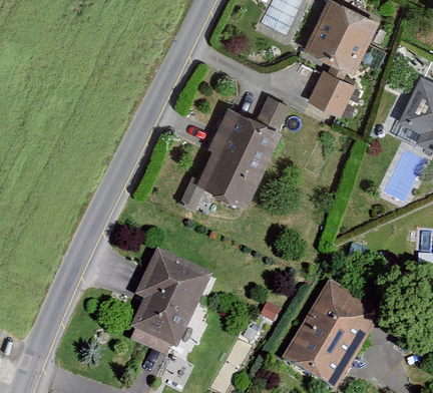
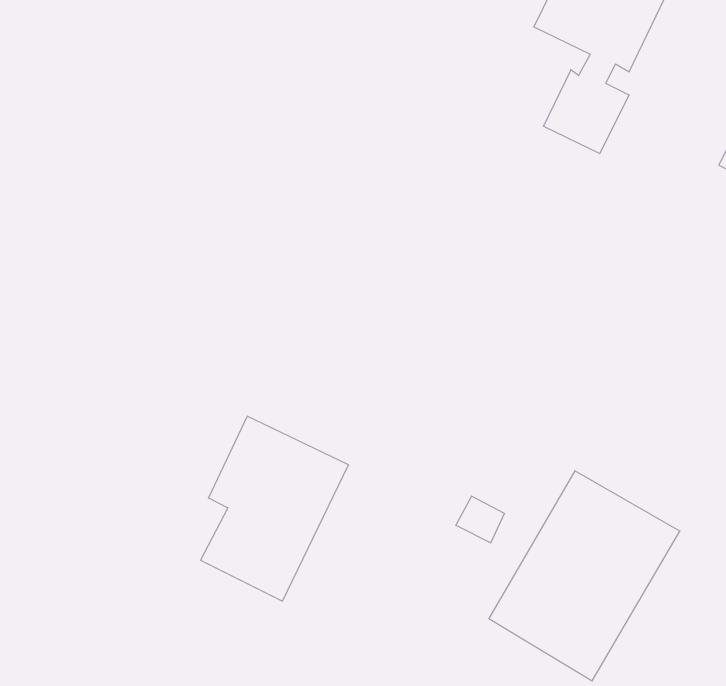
building: [198,98,287,208] -> none

